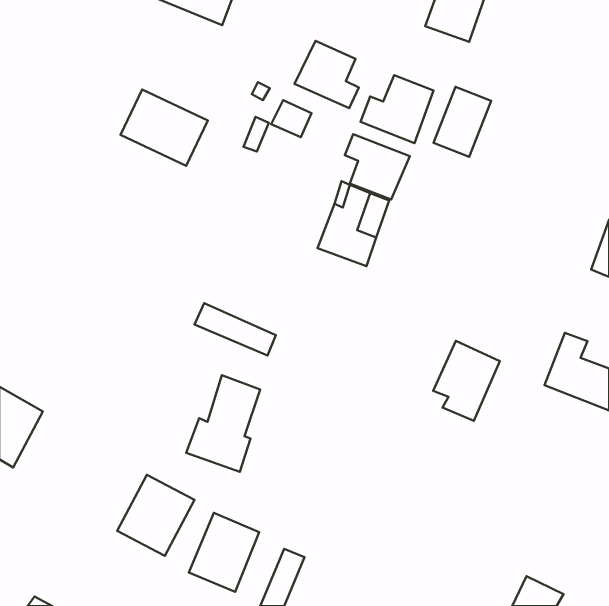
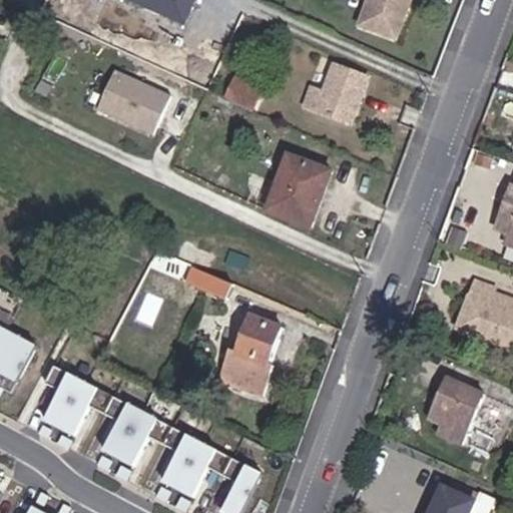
building: [294,41,359,108] -> none
building: [433,87,491,157] -> none
building: [345,134,410,200] -> none
building: [433,341,500,421] -> [427,375,483,442]
building: [186,375,260,472] -> [217,312,280,393]
building: none -> [39,370,100,436]

